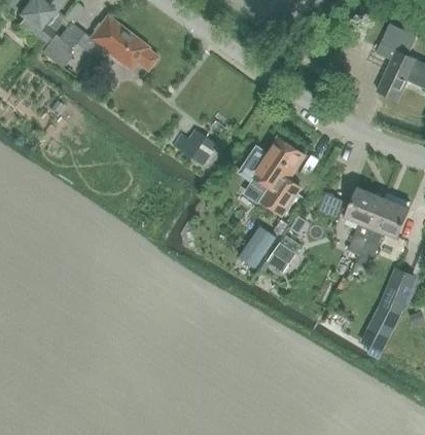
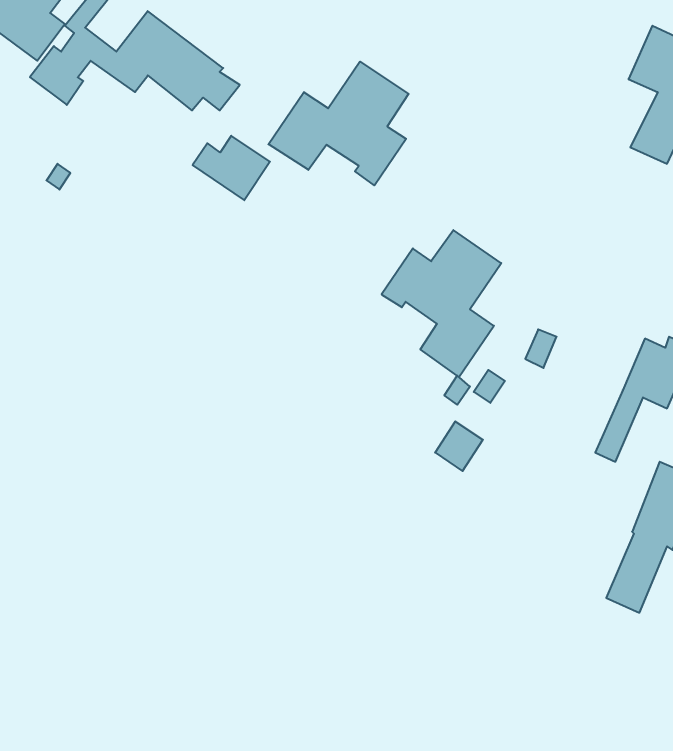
building: none -> [268,62,409,185]
building: [173,130,216,166] -> [193,136,270,200]
building: [348,187,385,254] -> none
building: [239,225,276,267] -> none

